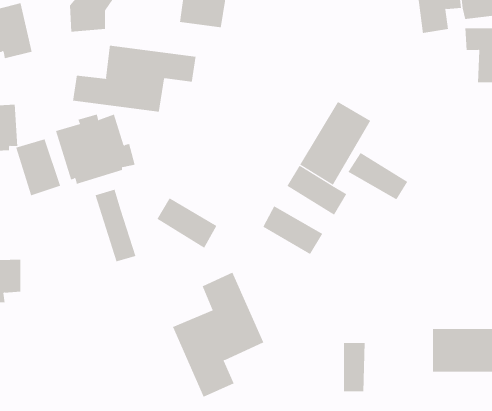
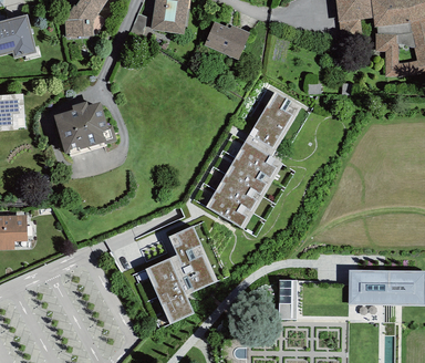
building: none -> [204,21,249,60]
building: [73,45,196,113] -> none
building: [15,139,61,196] -> none
building: [347,152,408,200] -> [225,157,272,195]
building: [95,189,136,262] -> none
building: [157,198,217,248] -> [206,189,253,229]

